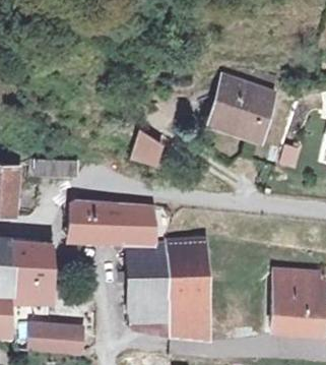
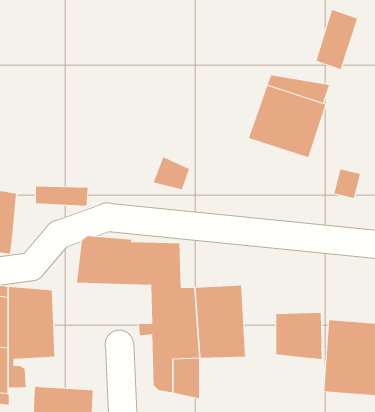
building: none -> [316,9,358,70]
building: [169,300,207,339] -> [276,313,323,360]

